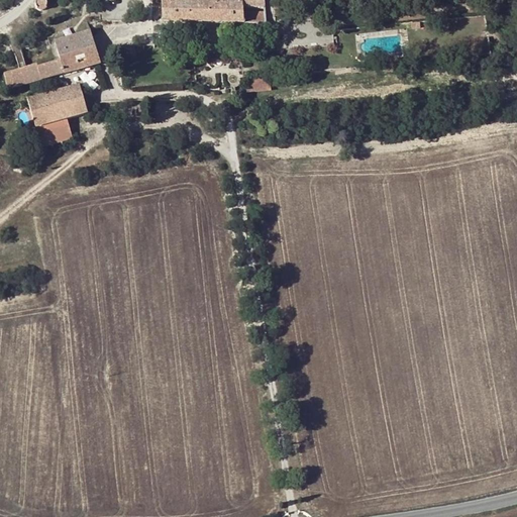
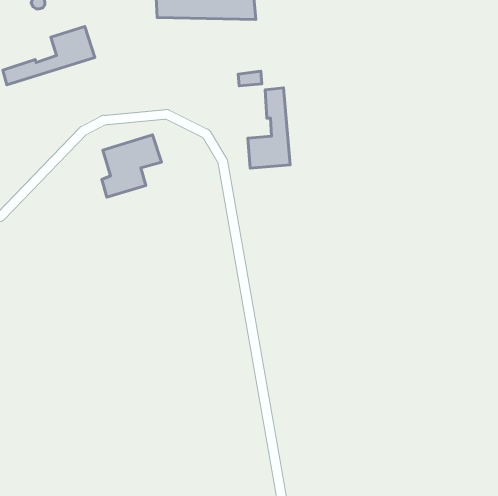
building: [26,83,88,147] -> [102,135,161,197]
building: none -> [248,88,290,168]

